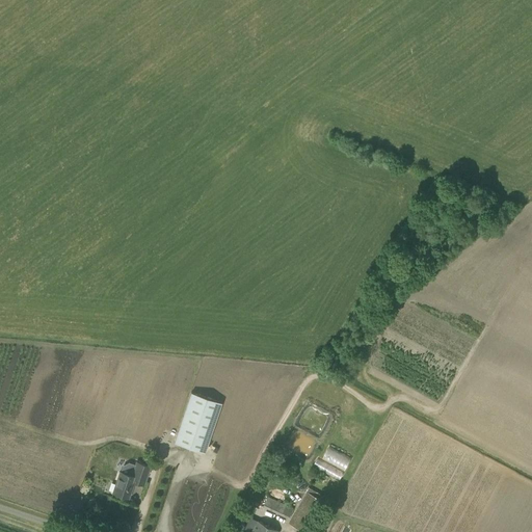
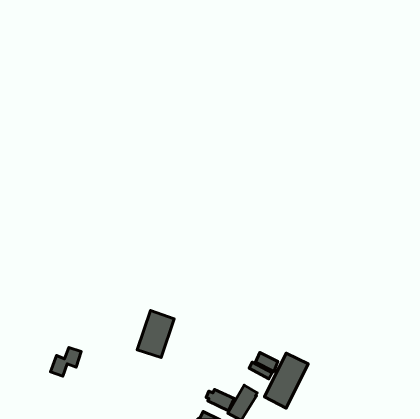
building: none -> [265,353,308,408]
building: [112,462,151,499] -> [51,347,81,376]

